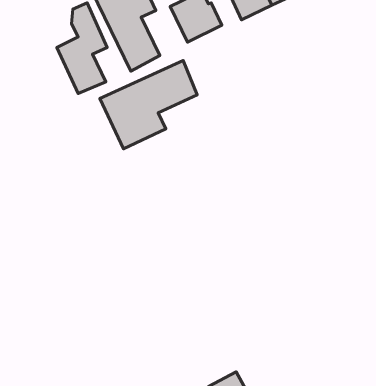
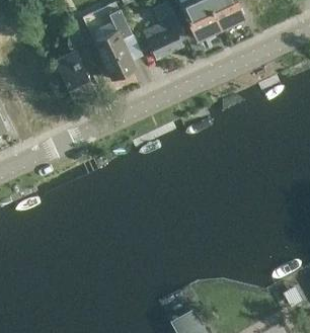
building: [100,61,197,149] -> none

